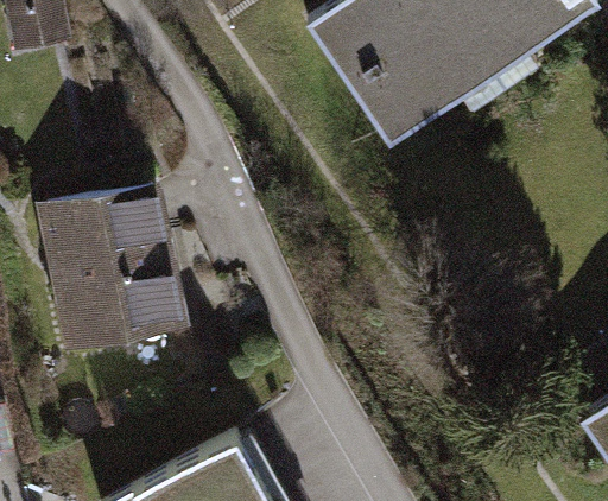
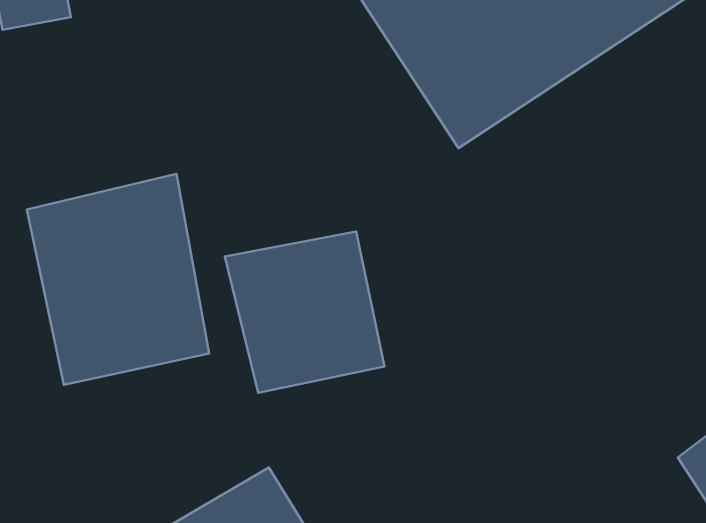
building: none -> [225,232,385,393]

